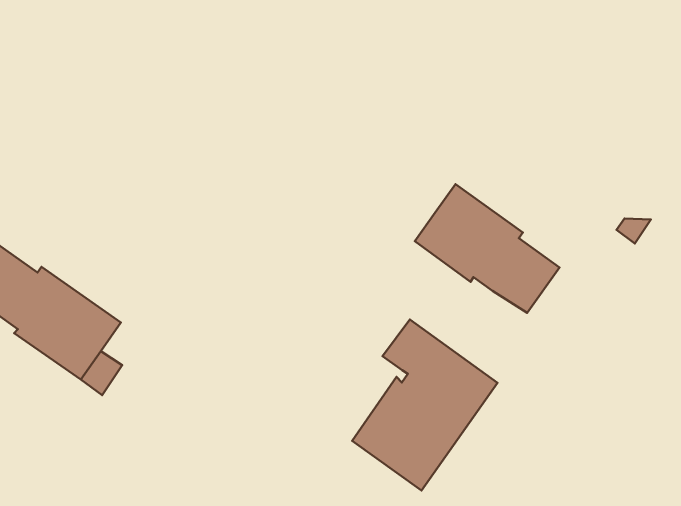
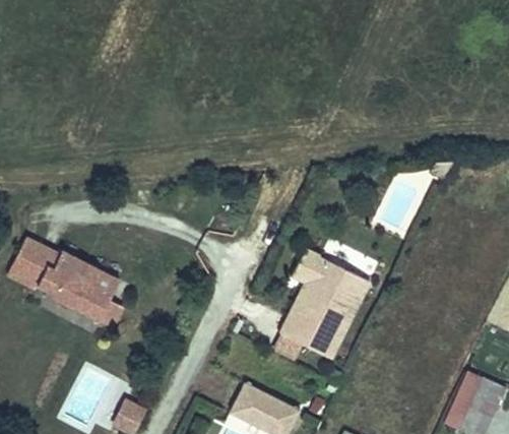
building: [415,184,560,313] -> none

